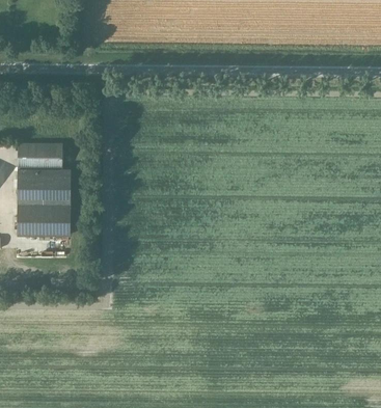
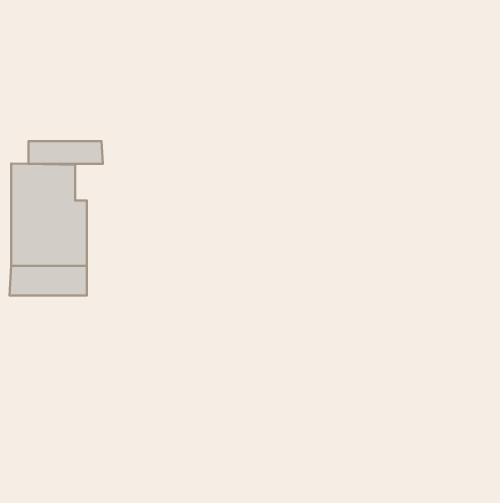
building: none -> [29,141,103,164]

